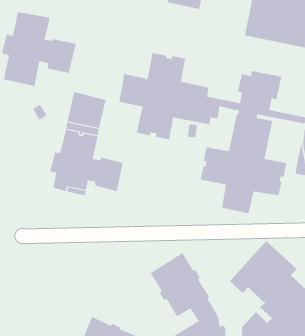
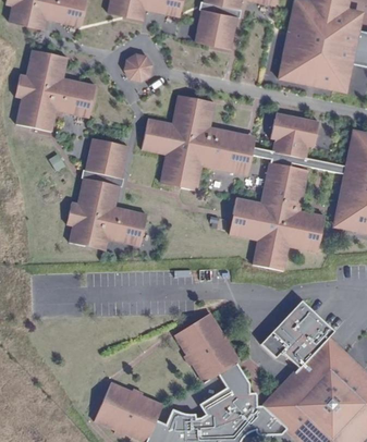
building: none -> [125,54,150,79]

